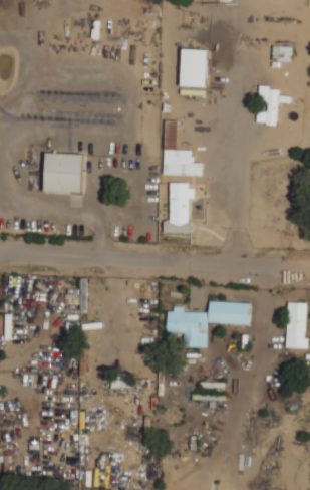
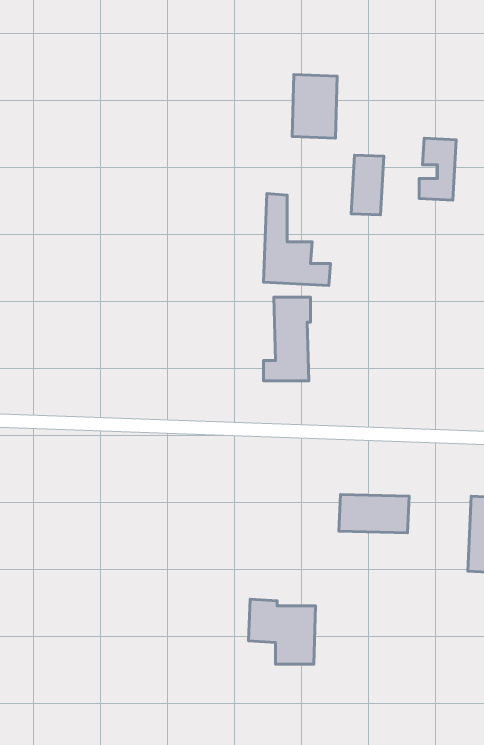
building: none -> [351,155,384,215]
building: [44,153,82,193] -> none
building: [167,308,207,347] -> [249,599,316,664]

